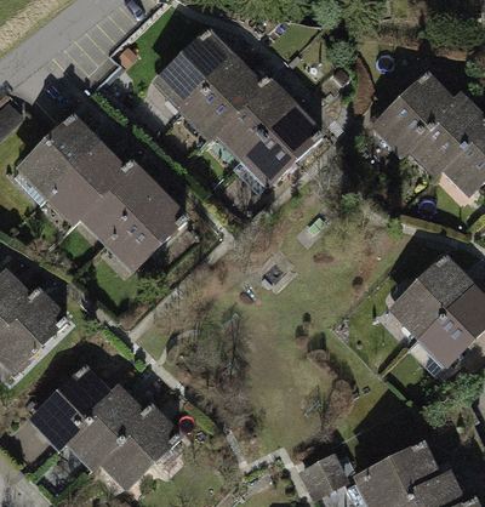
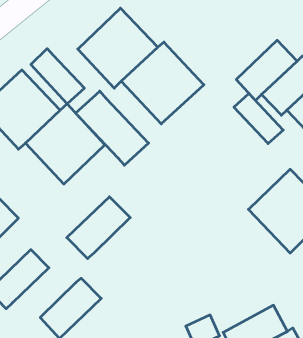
building: none -> [31,49,84,104]
building: none -> [76,91,149,165]
building: none -> [234,93,283,144]
building: [59,381,148,467] -> [67,197,130,259]

